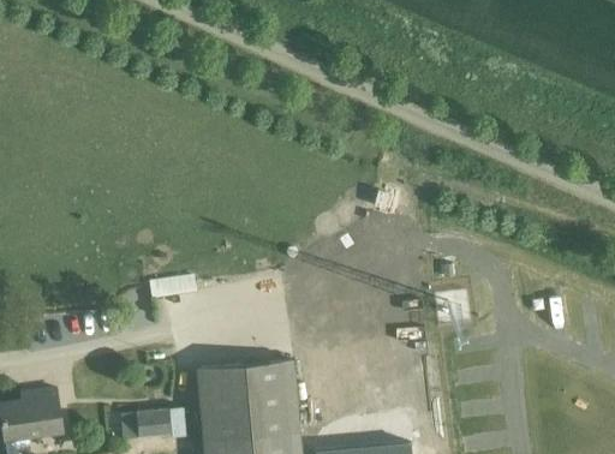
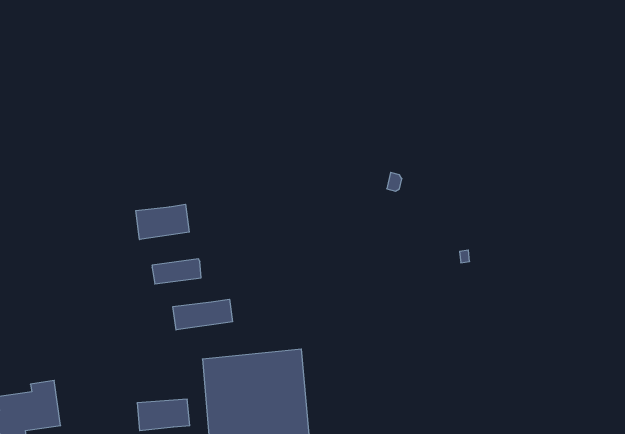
building: none -> [136,204,189,240]
building: none -> [173,299,232,330]

